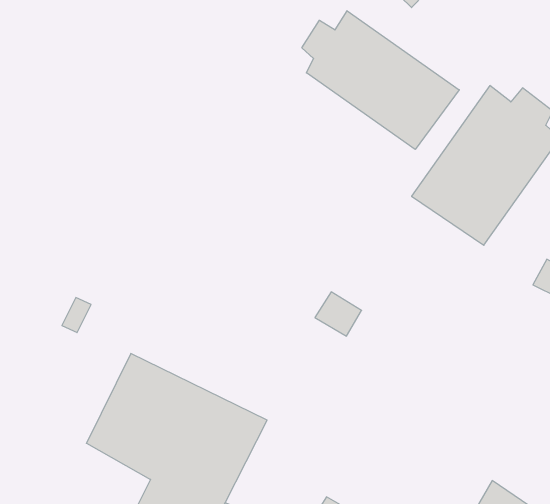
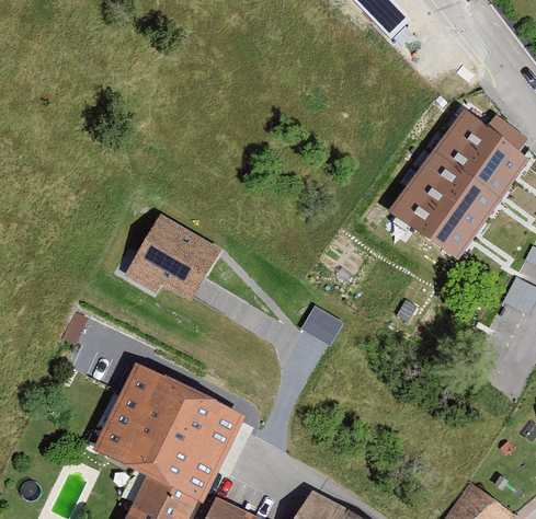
building: [302,11,459,149] -> none
building: none -> [123,210,221,299]

